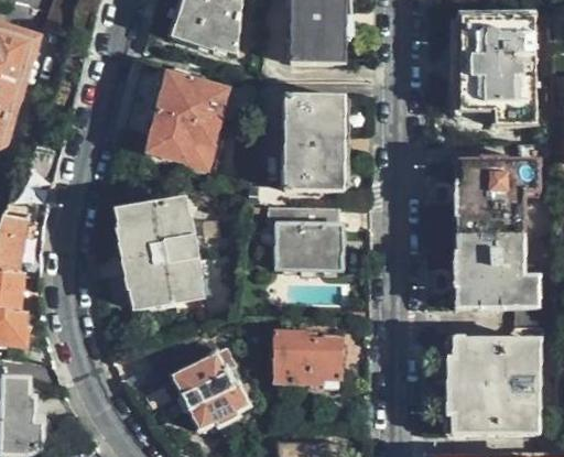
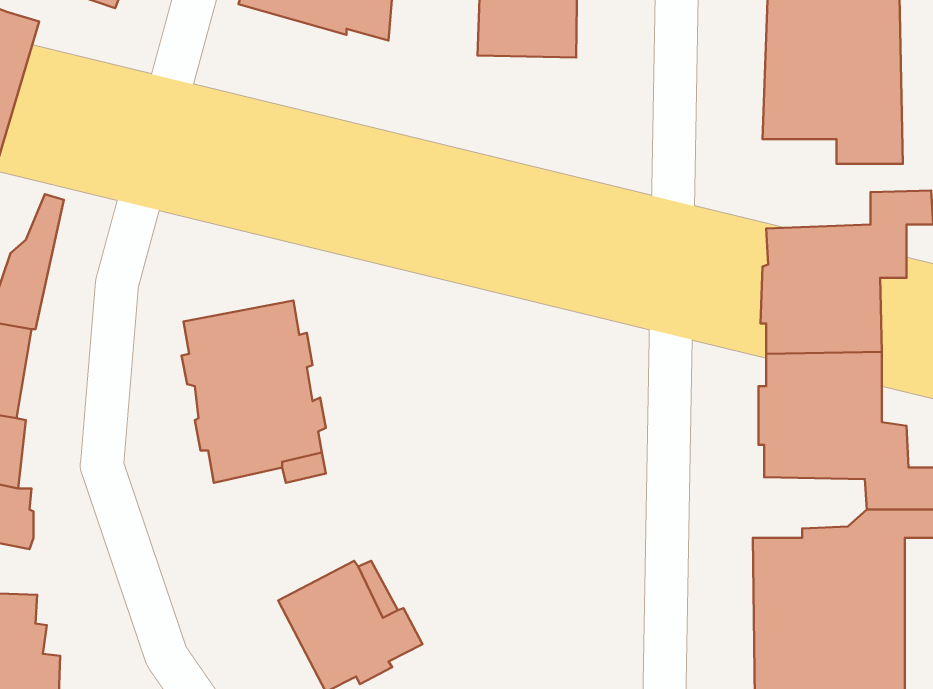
building: [123,67,226,166] -> none
building: [282,94,344,189] -> none
building: [267,204,340,269] -> none
building: [273,333,341,384] -> none

